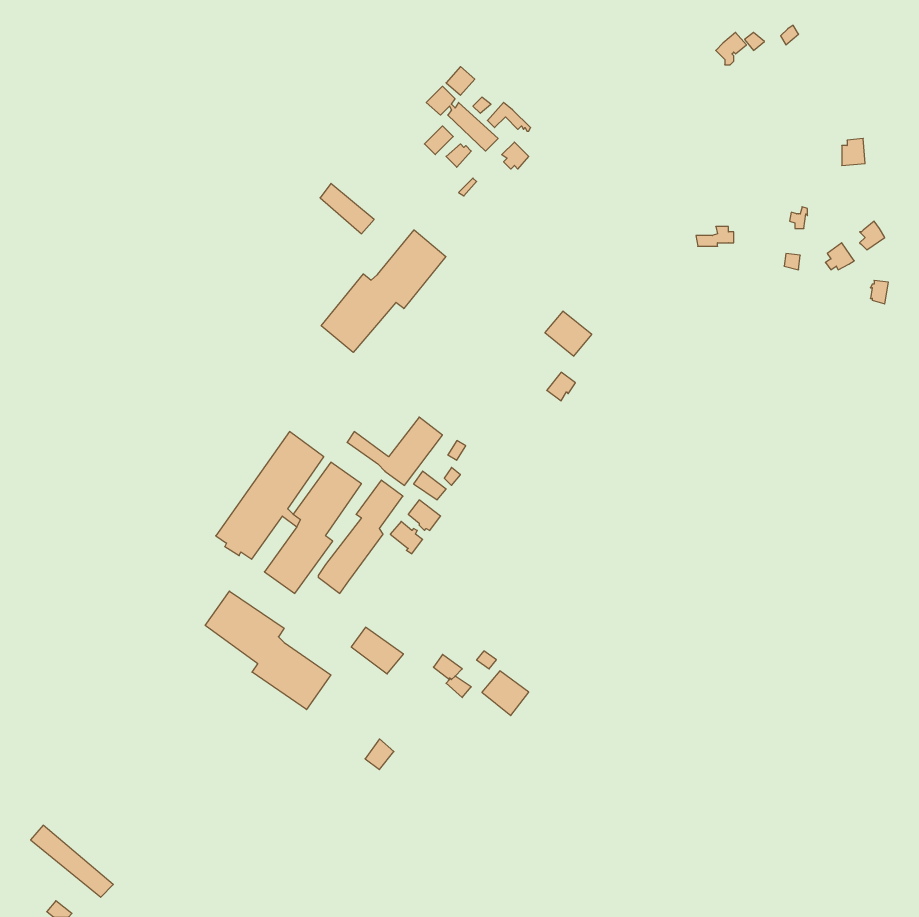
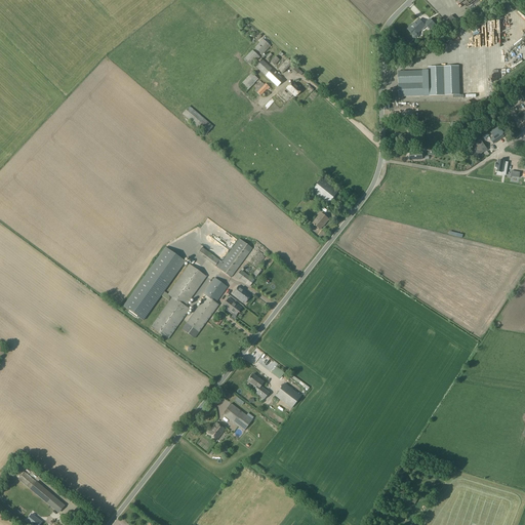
building: none -> [398,65,460,96]
building: [321,230,446,352] -> none
building: [205,591,331,710] -> none
building: [351,627,403,674] -> [223,403,252,430]

